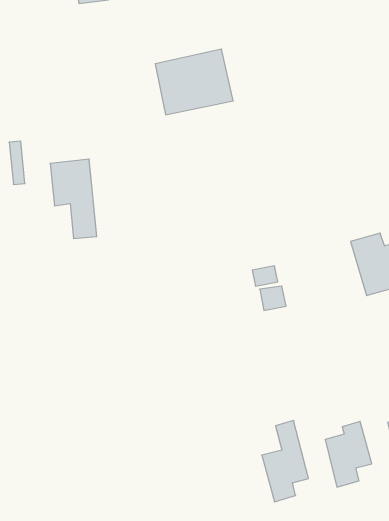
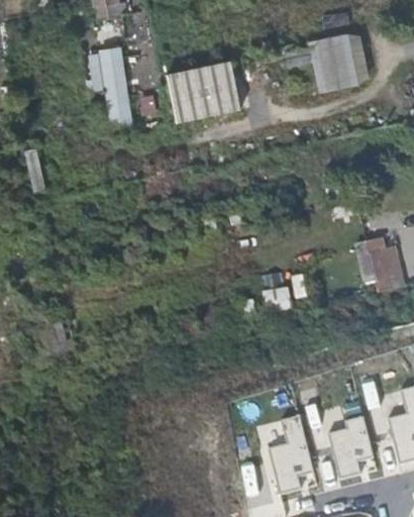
building: none -> [289,34,358,90]
building: [50,159,97,238] -> [86,46,130,122]

